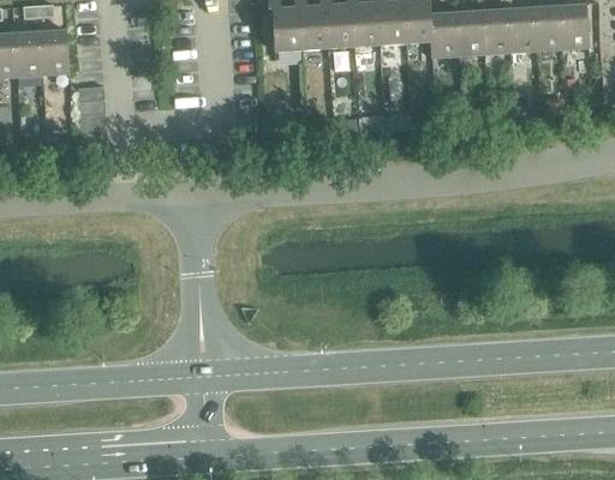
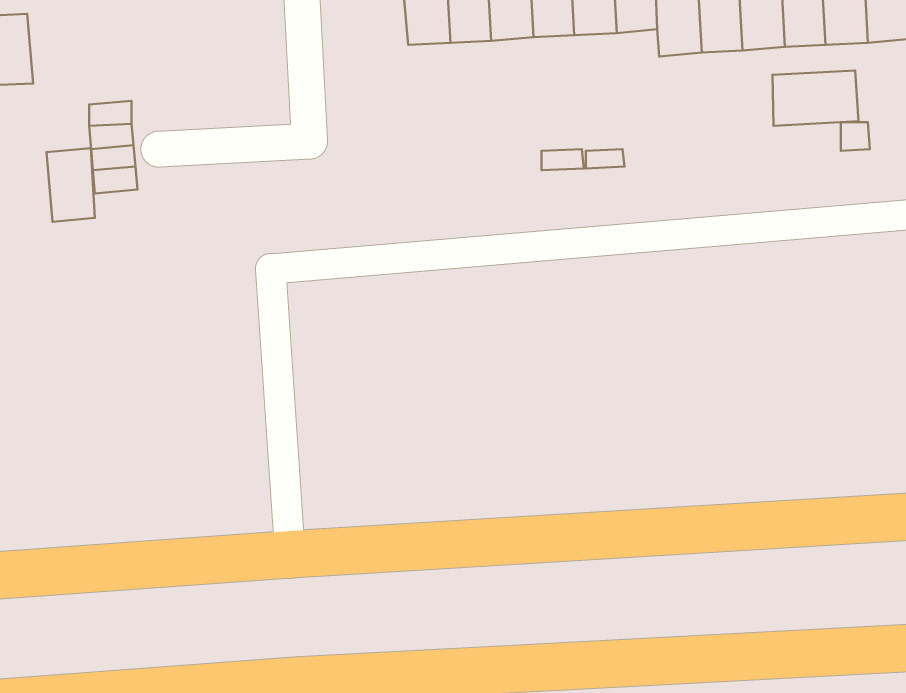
building: [38,29,68,74] -> [47,148,95,222]
building: none -> [772,70,858,126]

